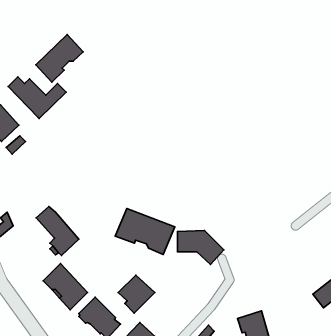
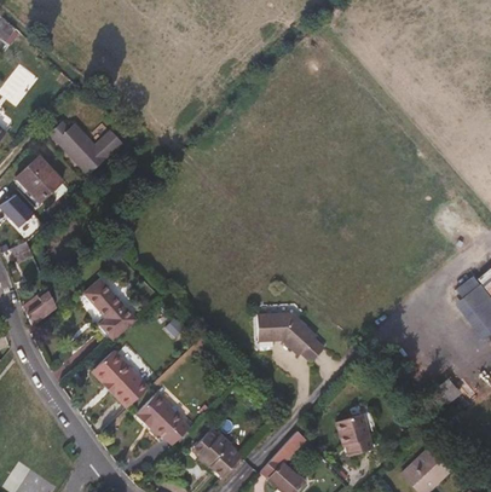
building: [36,34,83,82] -> none
building: [115,209,175,254] -> none
building: [118,275,155,313] -> none

